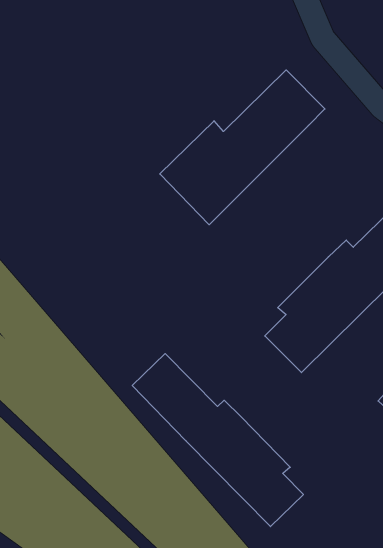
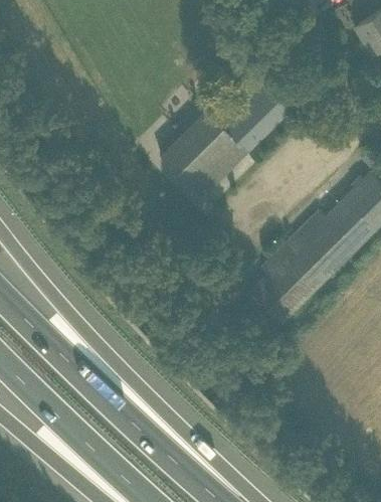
building: [132,354,303,527] -> none

